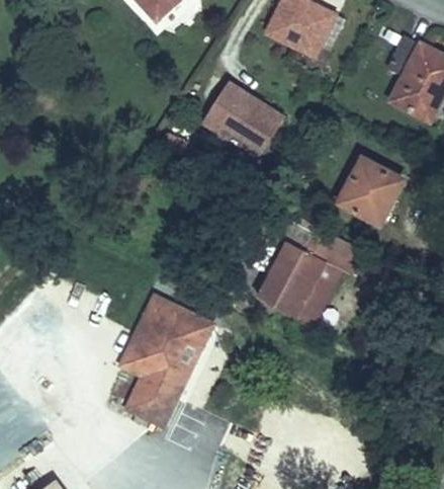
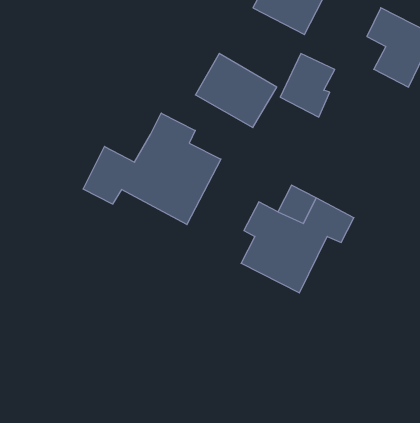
building: none -> [83,113,221,225]
building: [344,158,399,223] -> [280,54,335,117]
building: [117,291,207,417] -> none

